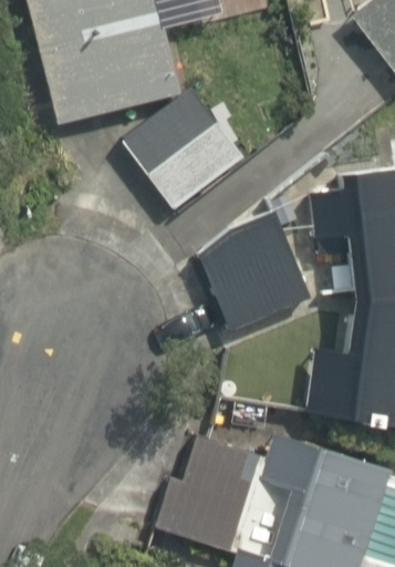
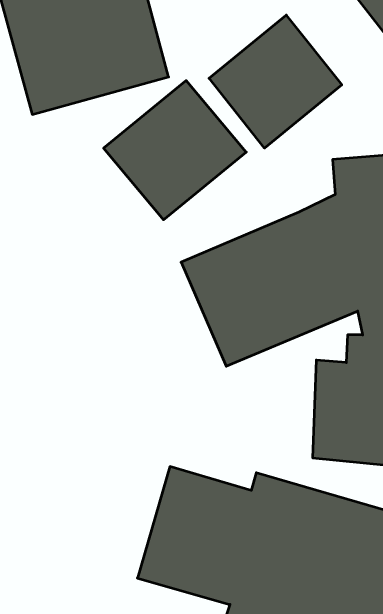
building: none -> [209,15,342,148]

